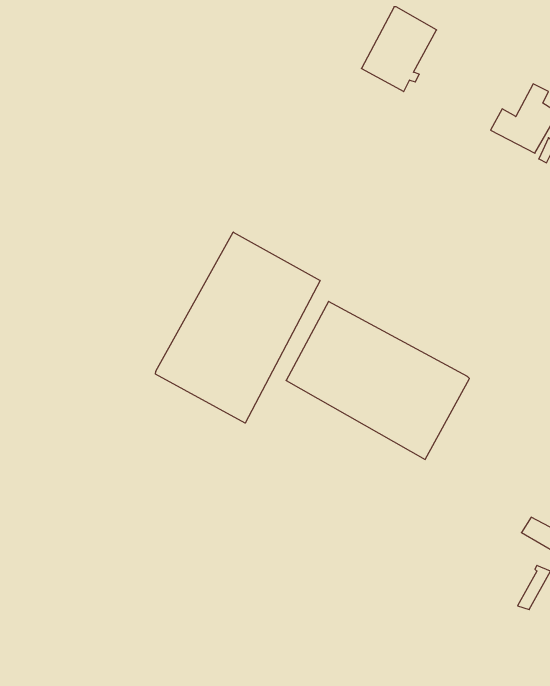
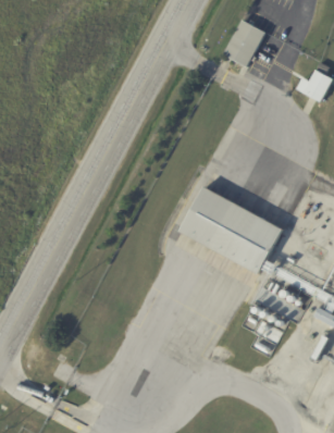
building: [155,232,320,423] -> none

